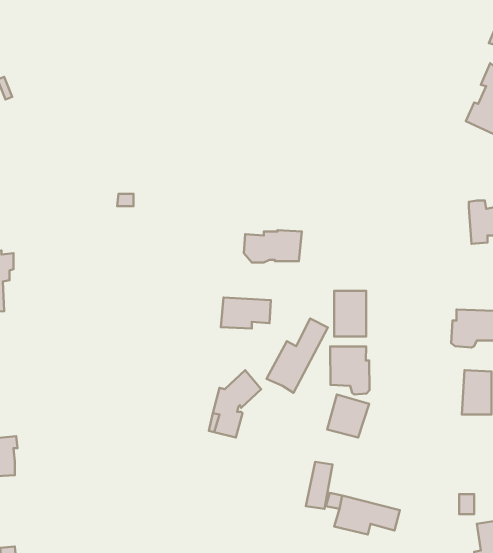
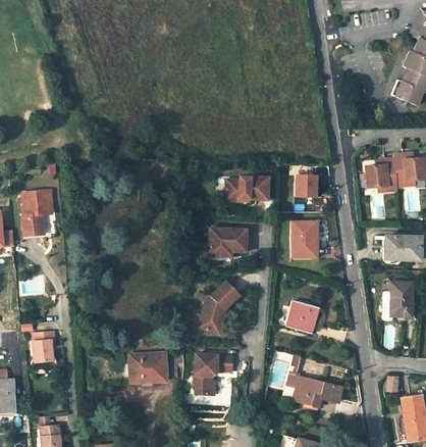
building: none -> [367,158,398,190]
building: none -> [297,171,321,196]
building: [266,319,328,393] -> none
building: [330,347,370,395] -> none
building: none -> [130,352,178,383]
building: none -> [196,353,232,394]

